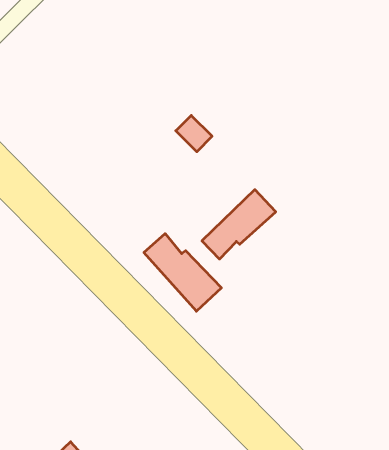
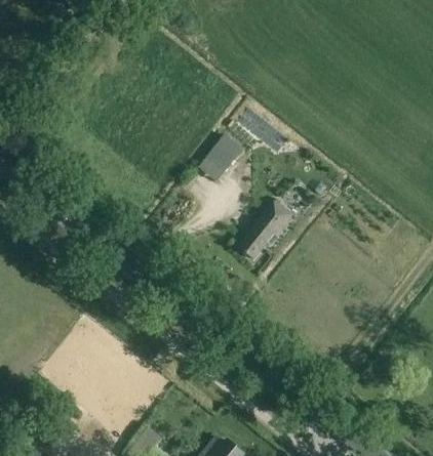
building: [144,234,221,311] -> none

